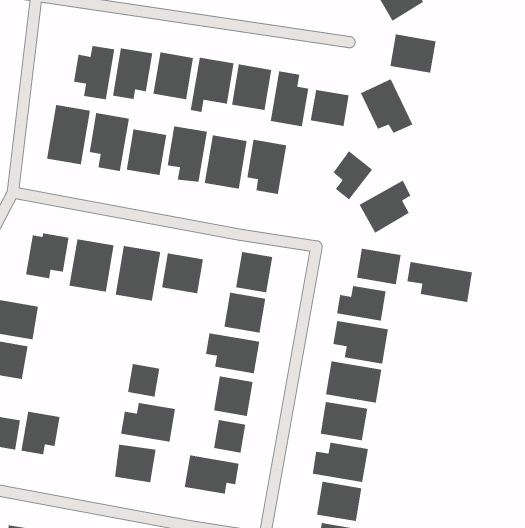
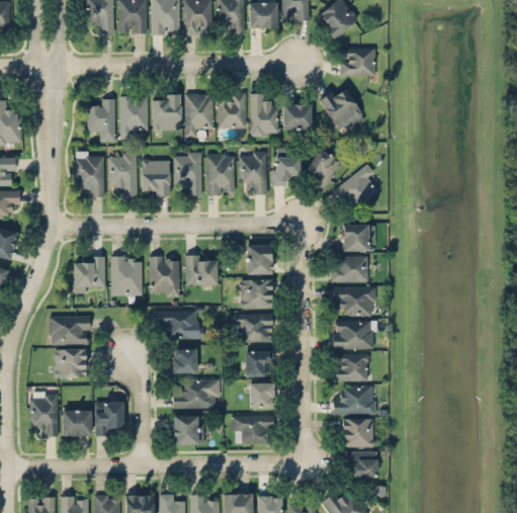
building: none -> [273,151,299,184]
building: [407,261,473,303] -> none
building: none -> [154,311,196,338]

